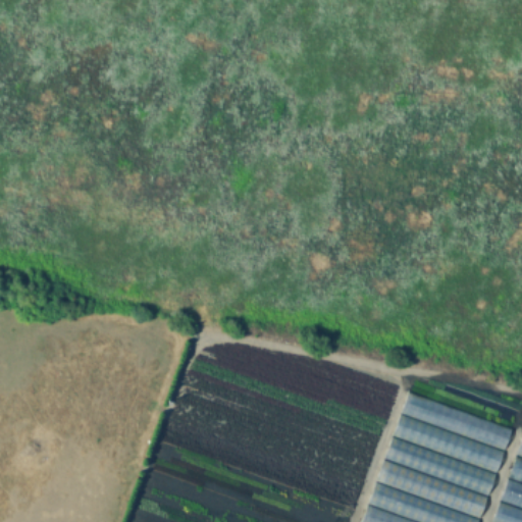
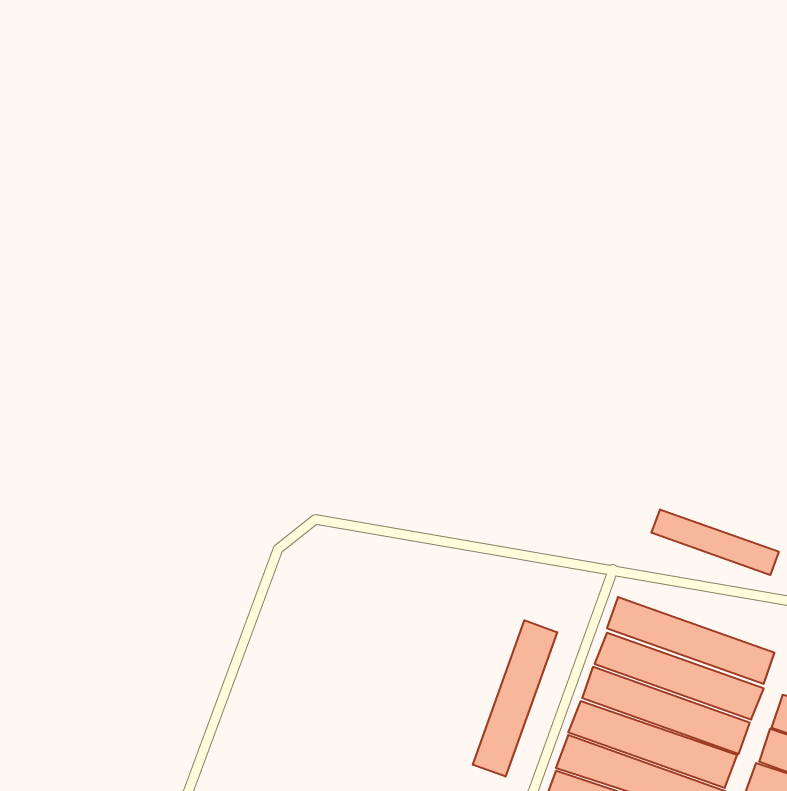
building: none -> [652,509,779,575]
building: none -> [473,620,557,777]

